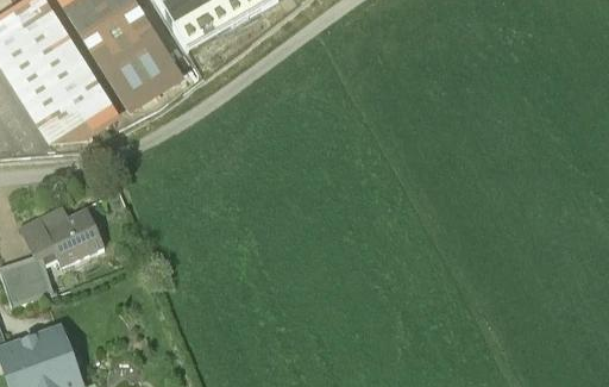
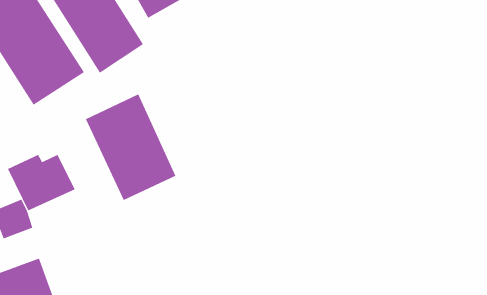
building: none -> [85,93,176,201]

